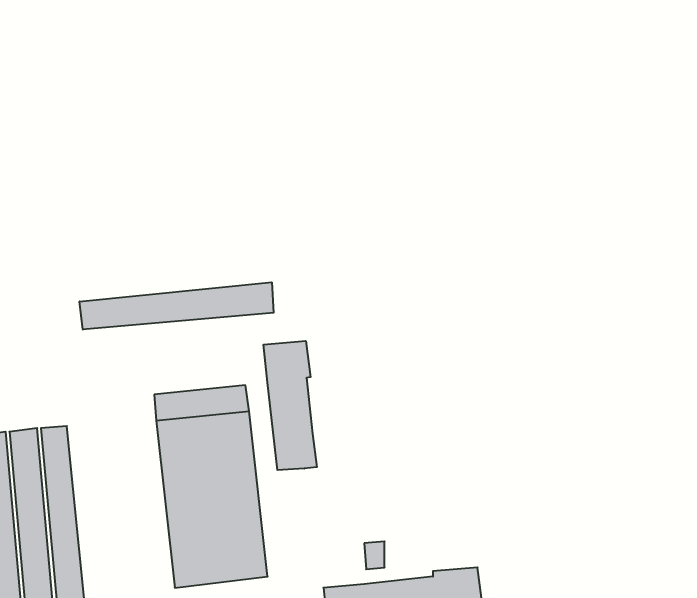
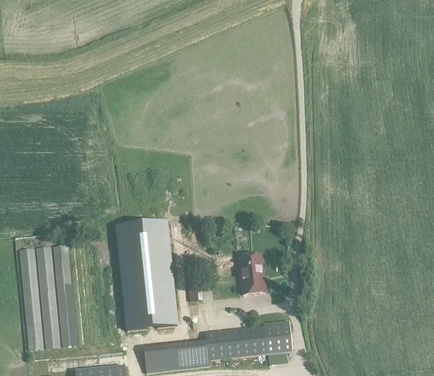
building: [80,282,274,330] -> none
building: [264,341,317,470] -> none
building: none -> [241,254,266,293]

